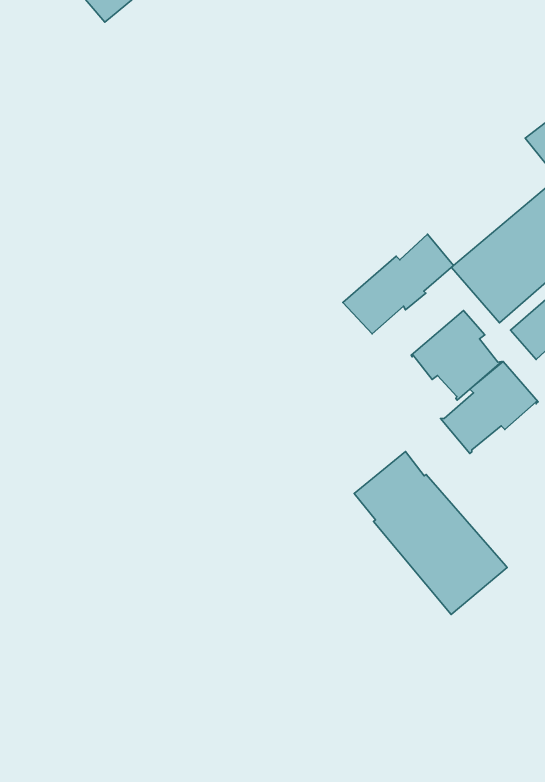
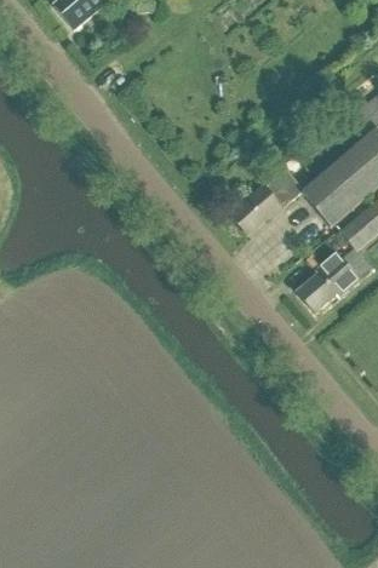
building: [411,310,502,400] -> none
building: [354,451,507,614] -> none

